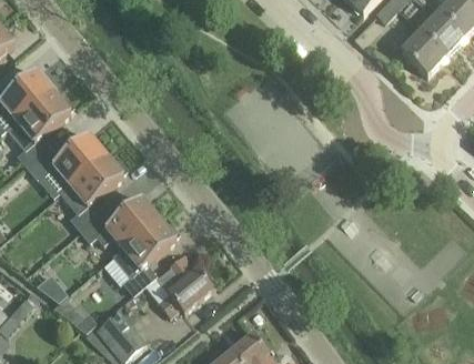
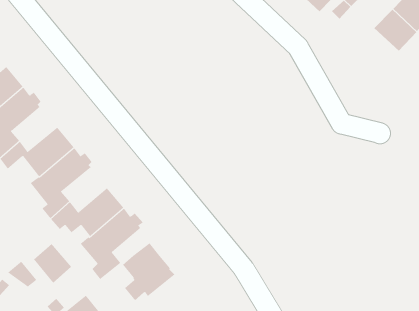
building: [401,31,446,75] -> none
building: none -> [33,243,72,284]

